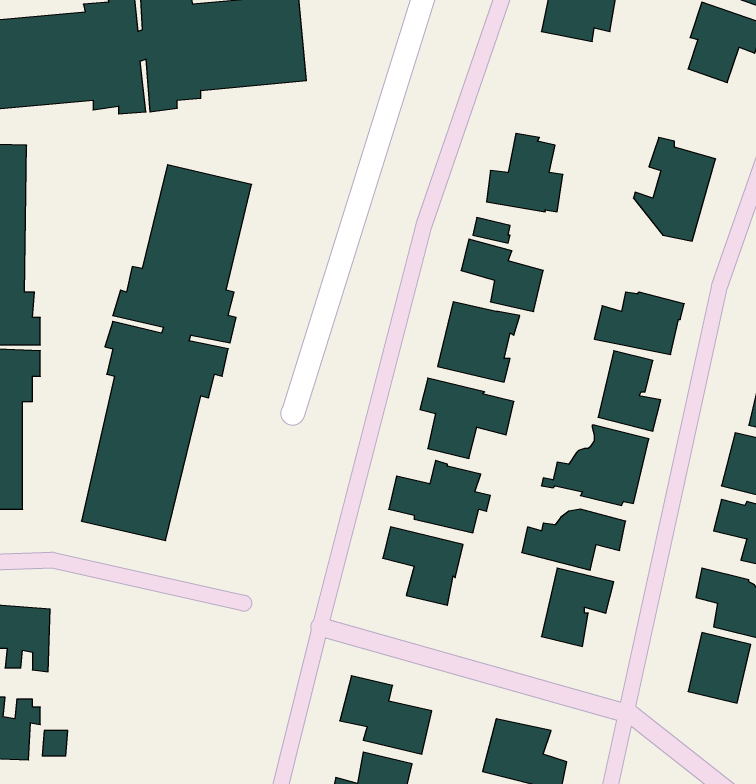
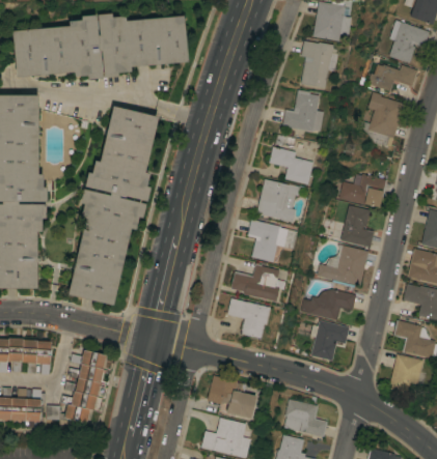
building: none -> [301,40,337,89]
building: none -> [368,64,418,91]
building: none -> [62,350,107,424]

